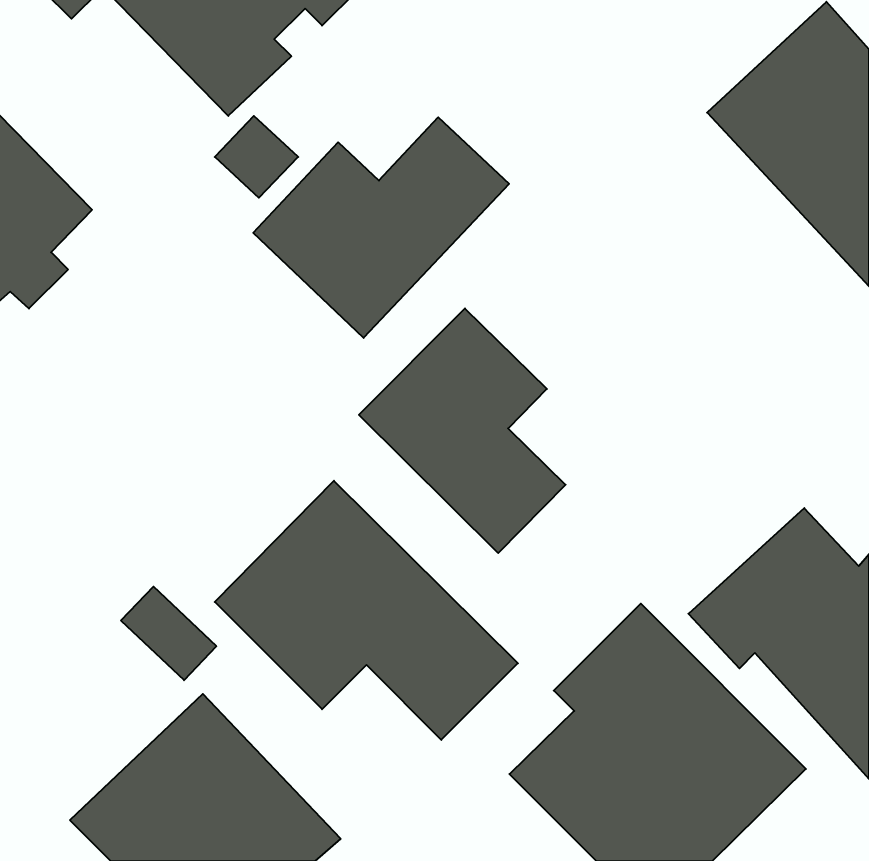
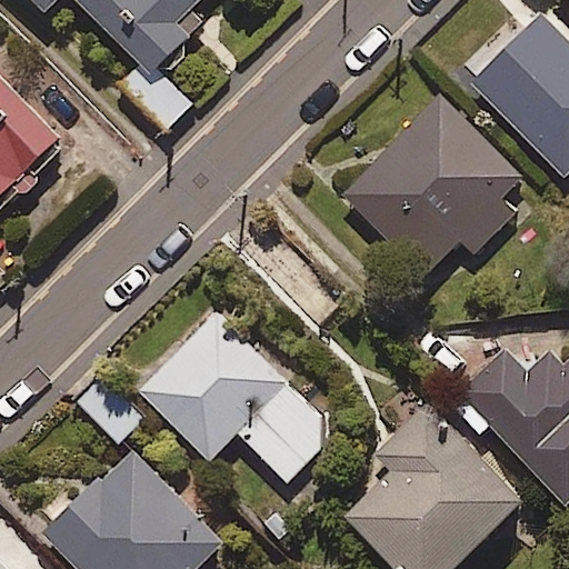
building: [253,117,509,338] -> none
building: none -> [345,93,525,274]
building: [359,308,566,553] -> none

